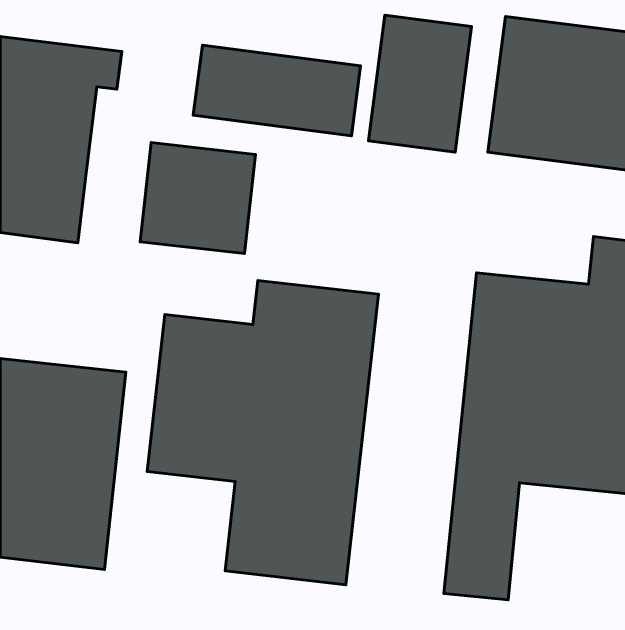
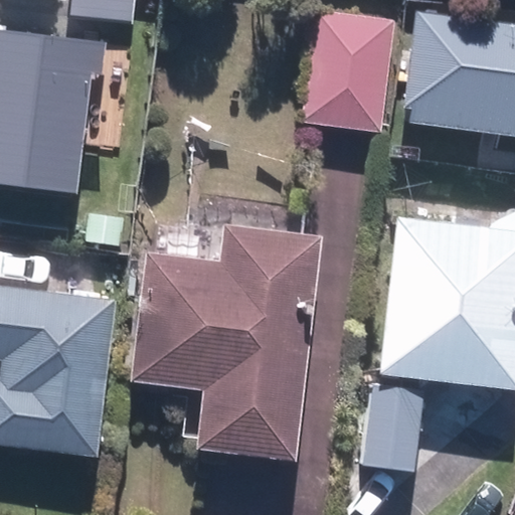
building: [193,45,361,136] -> none
building: [140,143,256,254] -> none

